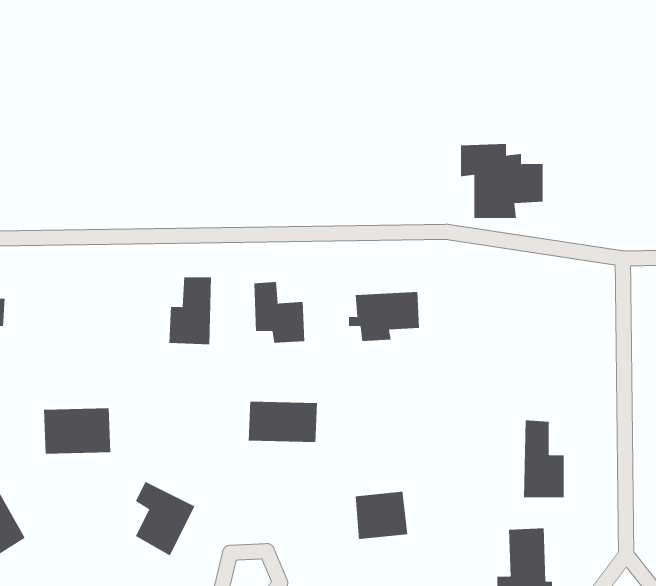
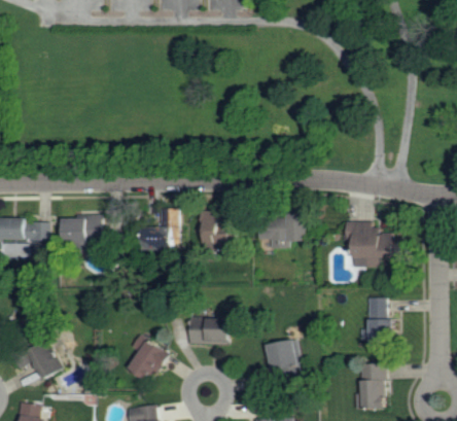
building: [460,144,543,219] -> [342,220,393,267]
building: [248,401,318,443] -> [187,317,231,343]
building: [43,408,111,454] -> [60,215,102,244]

